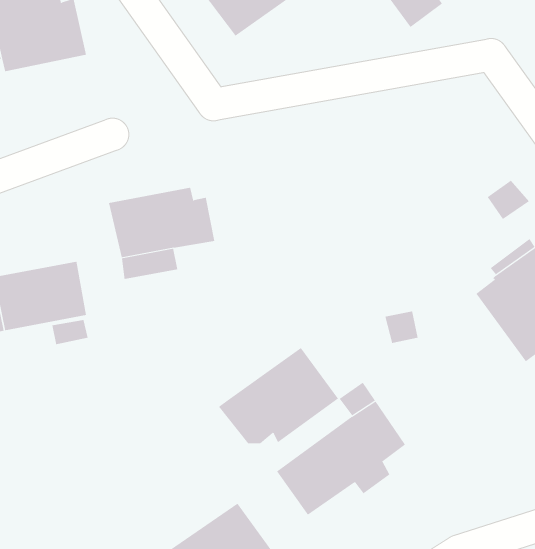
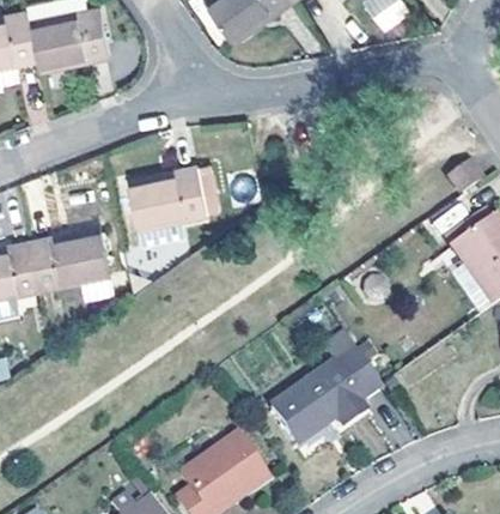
building: [218,347,339,444] -> none

